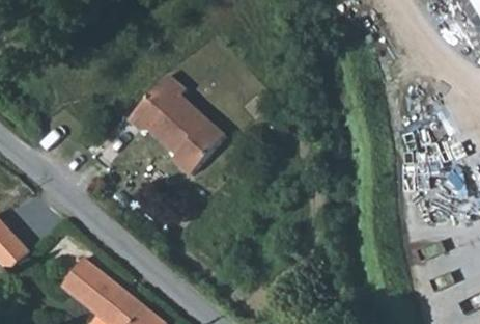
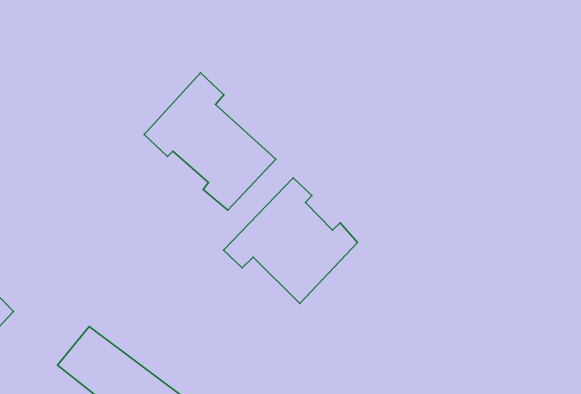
building: none -> [223,178,357,304]

